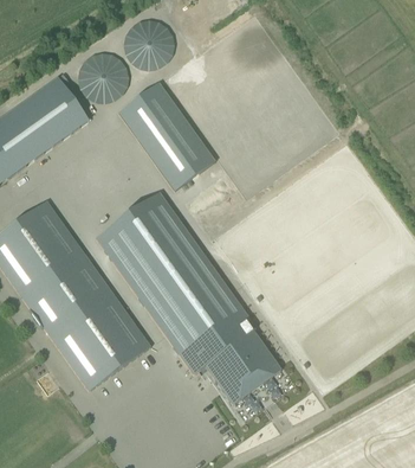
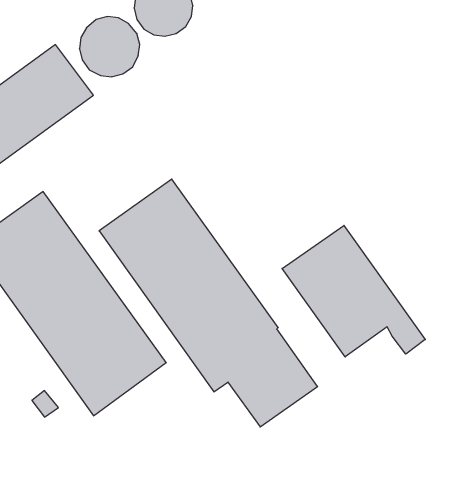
building: [121,84,215,190] -> none
building: none -> [282,225,425,357]

